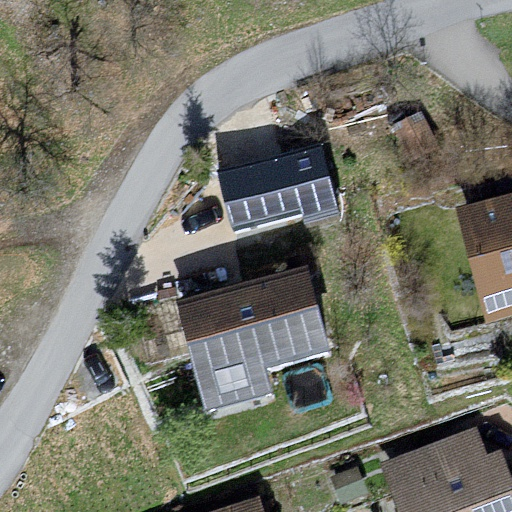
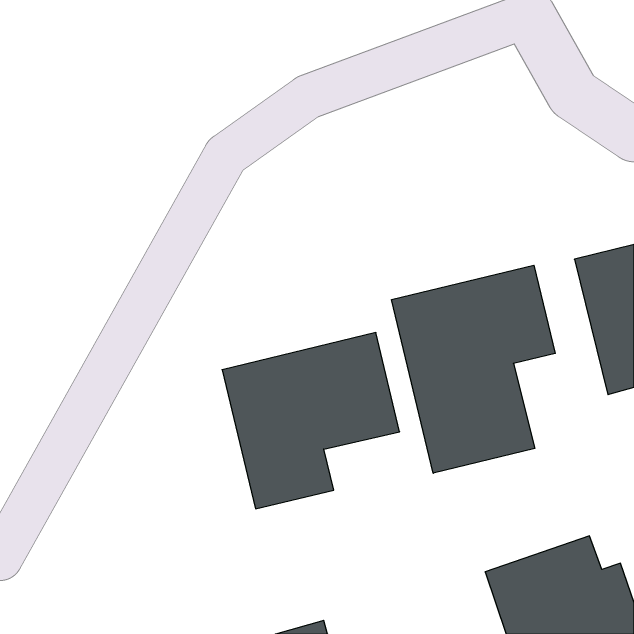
building: [220,149,324,229] -> none
building: none -> [392,265,555,473]

